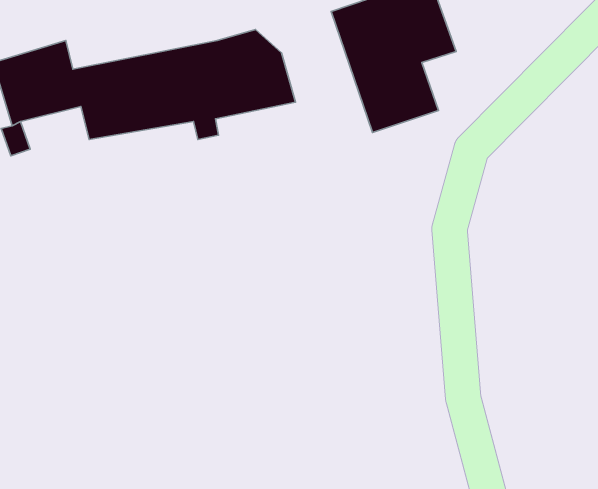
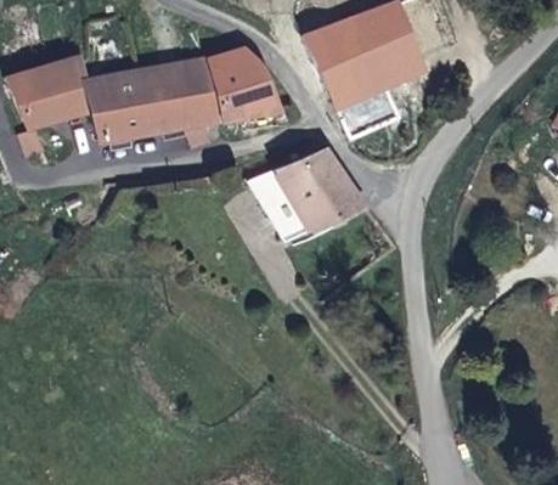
building: none -> [269,147,357,236]

